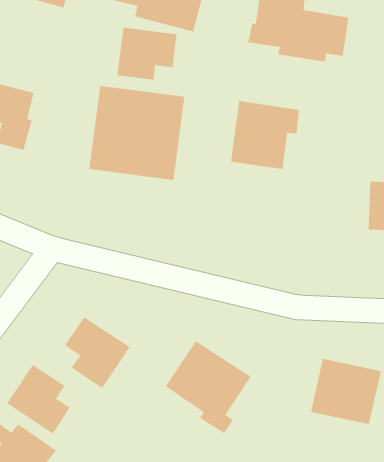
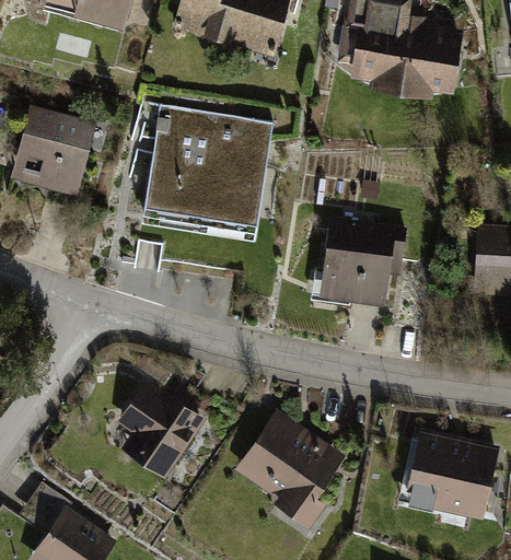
building: [117,27,177,80] -> none
building: [230,101,300,169] -> [322,221,404,302]
building: [6,364,70,434] -> none

